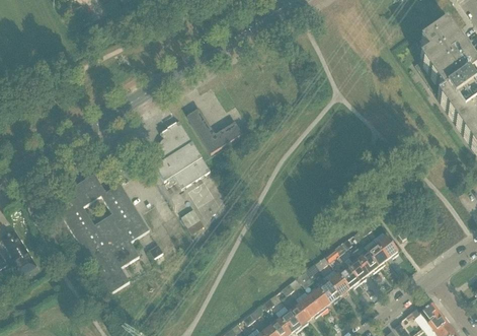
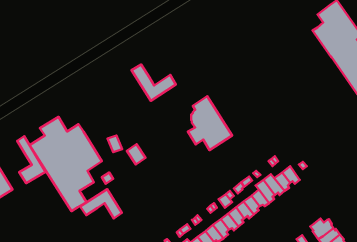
building: [154,119,210,187] -> [188,96,232,150]
building: none -> [17,136,46,183]
building: none -> [80,189,122,218]

